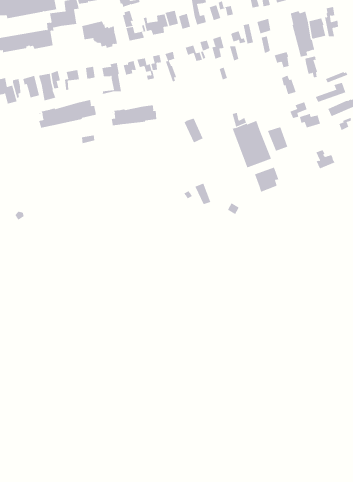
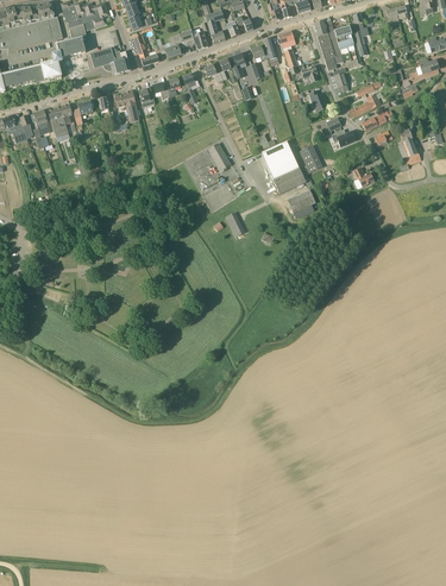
building: [38,99,96,129] -> none
building: [111,105,157,126] -> none

